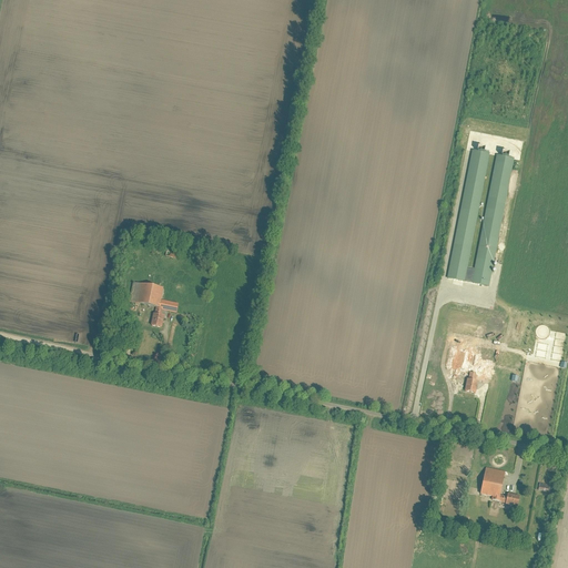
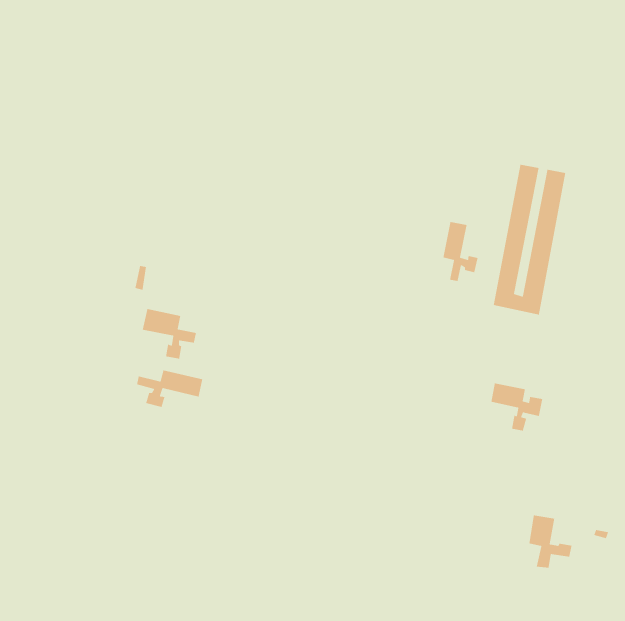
building: none -> [443,221,479,282]
building: none -> [136,369,203,408]

